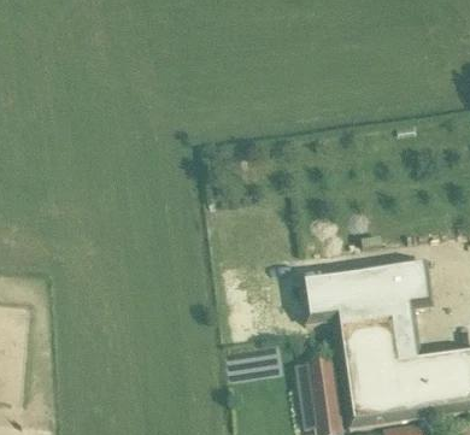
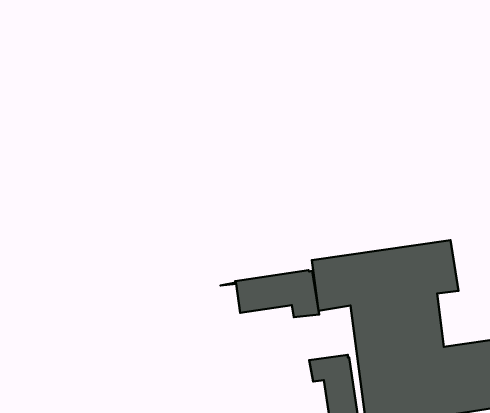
building: none -> [220,270,319,317]

